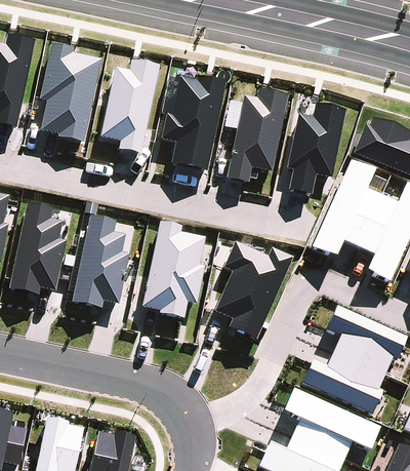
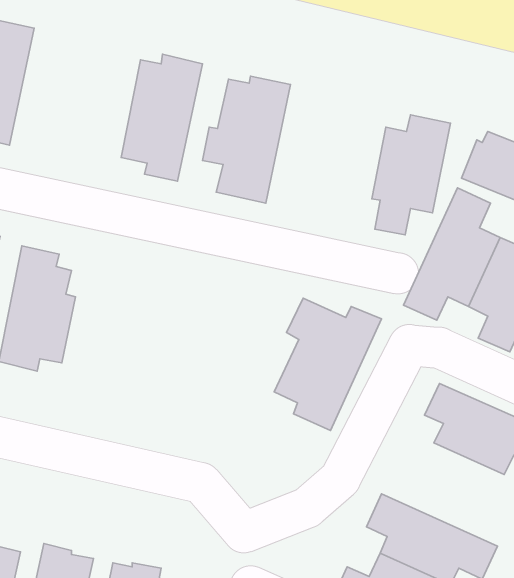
building: [40,43,101,142] -> none
building: [227,87,289,181] -> none
building: [72,215,130,307] -> none
building: [142,219,206,317] -> none
building: [302,348,385,411] -> none

